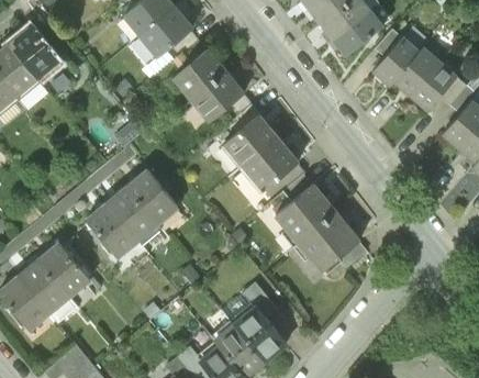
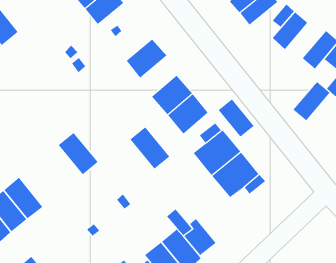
building: [394,46,442,96] -> [292,82,330,121]
building: [174,49,225,99] -> none
building: none -> [218,98,255,138]
building: [127,171,178,225] -> [130,126,170,170]
building: [88,204,138,257] -> none

